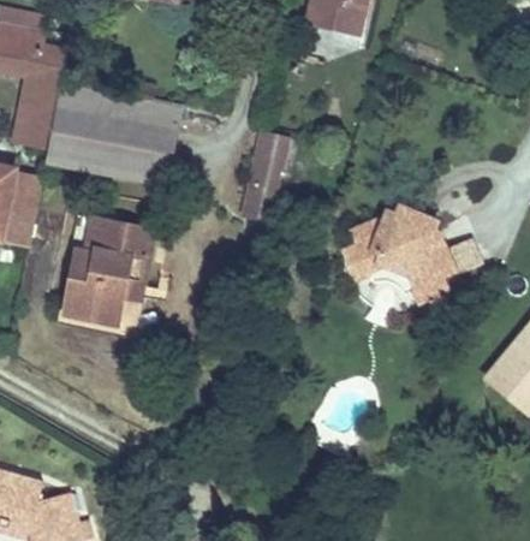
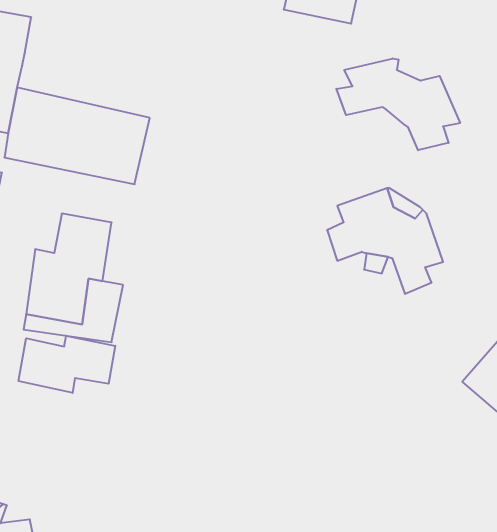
building: none -> [336,58,460,150]
building: [248,129,296,220] -> none
building: none -> [19,336,115,393]

